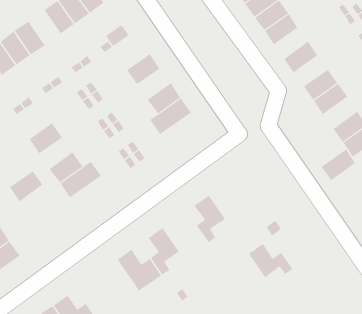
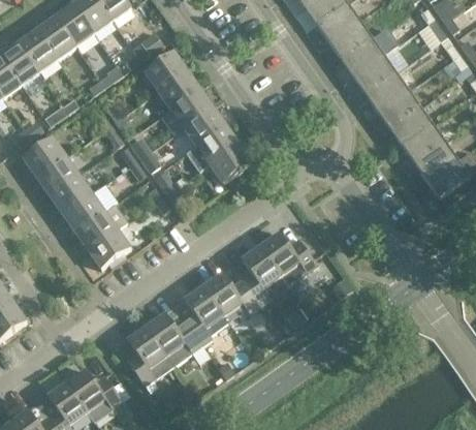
building: none -> [36,16,75,59]
building: none -> [340,37,383,76]
building: none -> [144,51,187,90]
building: none -> [364,71,408,111]
building: none -> [170,88,213,127]
building: none -> [23,136,65,176]
building: none -> [209,143,251,182]
building: [321,149,356,181] -> [401,123,444,163]
building: [9,170,43,202] -> [49,174,91,213]
building: none -> [87,228,130,268]
building: none -> [202,272,259,315]
building: [248,243,293,278] -> [260,232,316,275]
building: none -> [127,326,166,386]

